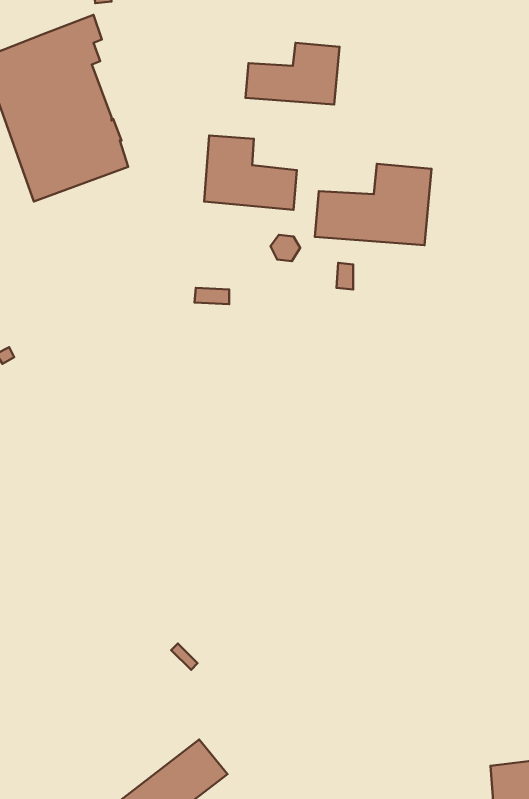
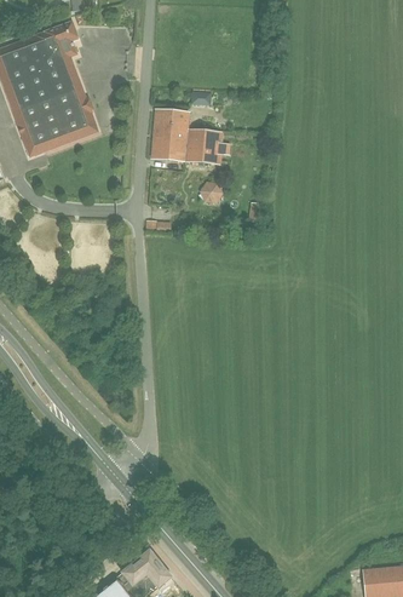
building: [246,43,339,104] -> none
building: [315,164,432,245] -> none

